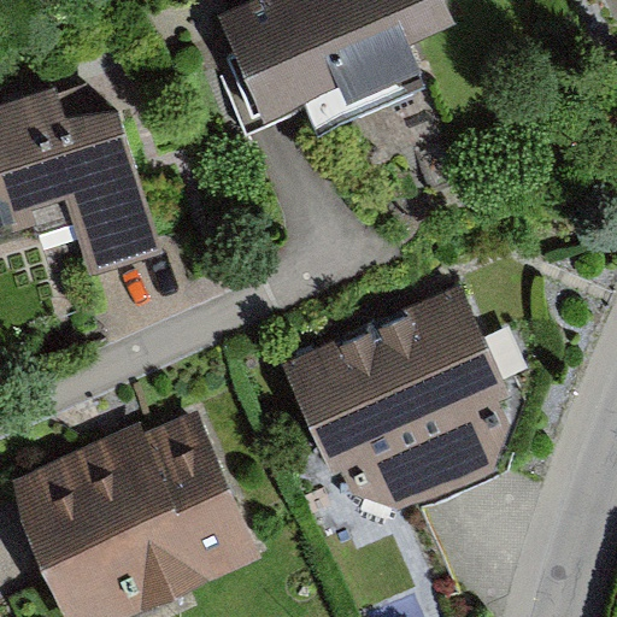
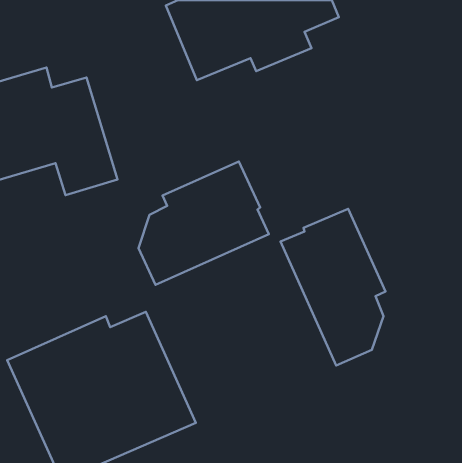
building: none -> [138,161,269,285]
building: [280,323,445,510] -> none

